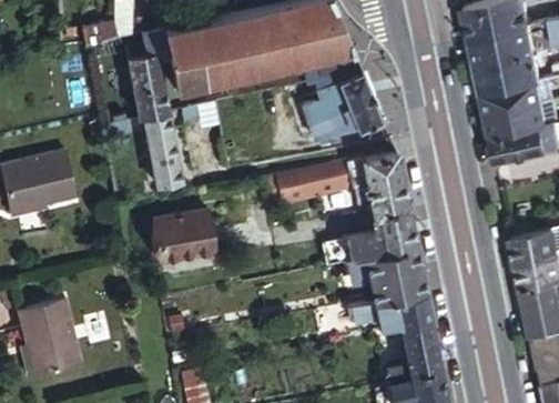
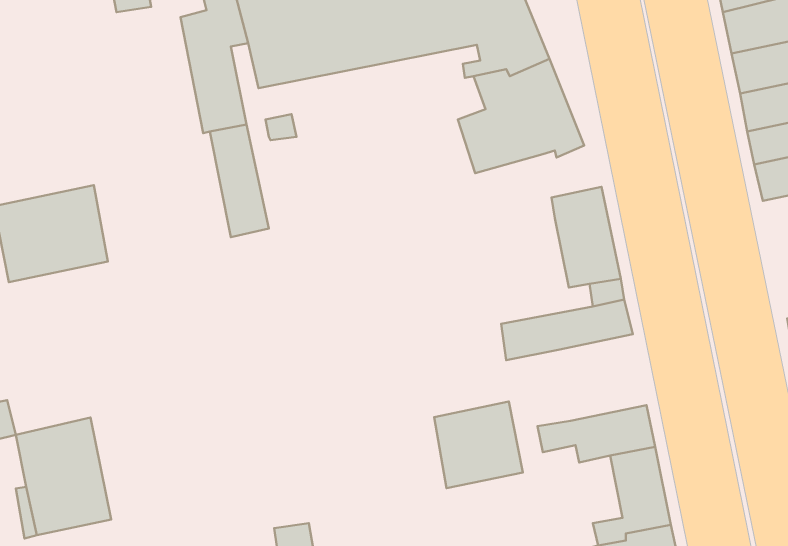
building: [262,159,364,208] -> none
building: [155,208,216,258] -> none
building: [366,246,423,302] -> [434,401,523,488]

